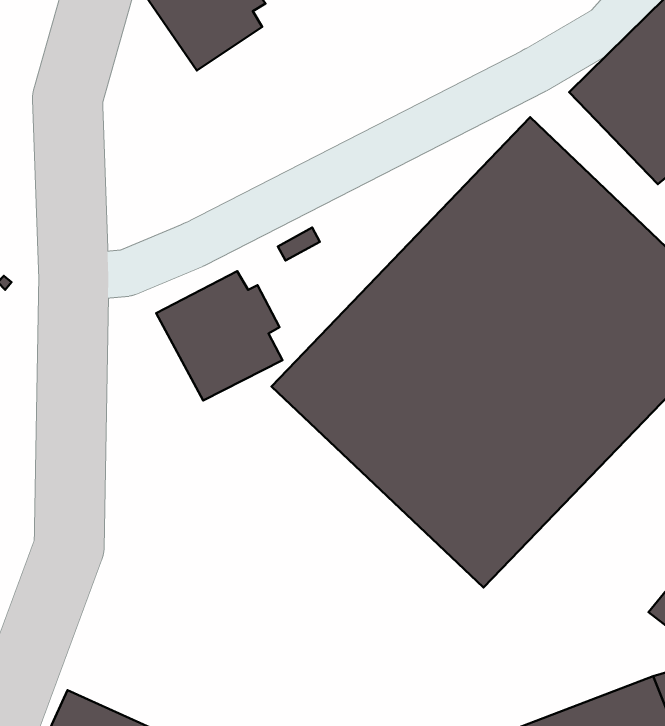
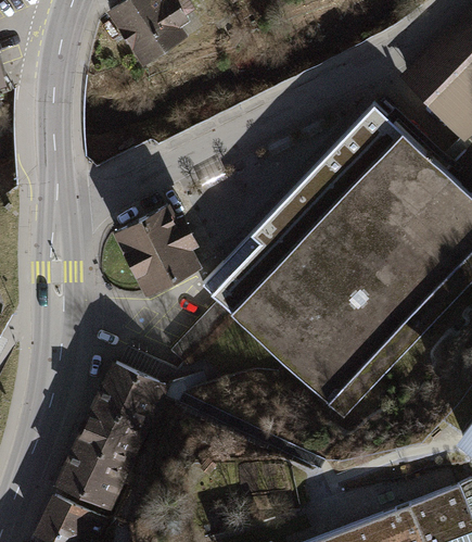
building: none -> [58,361,169,507]

